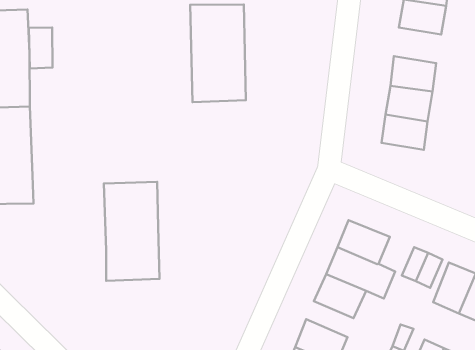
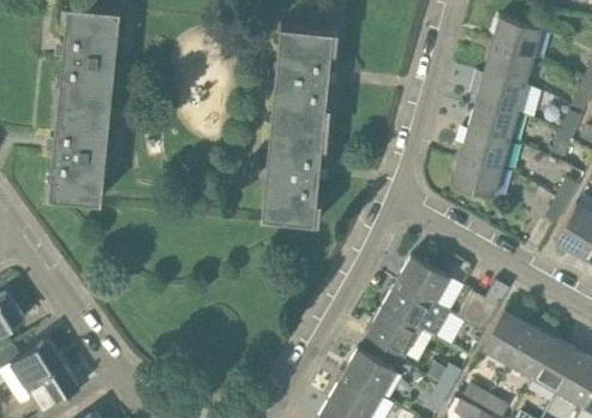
building: [29,27,52,69] -> none
building: none -> [476,78,525,118]
building: [104,182,160,281] -> [262,126,324,227]

